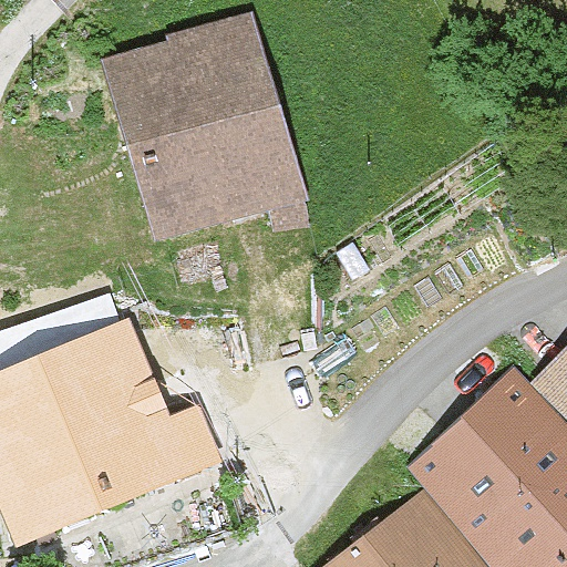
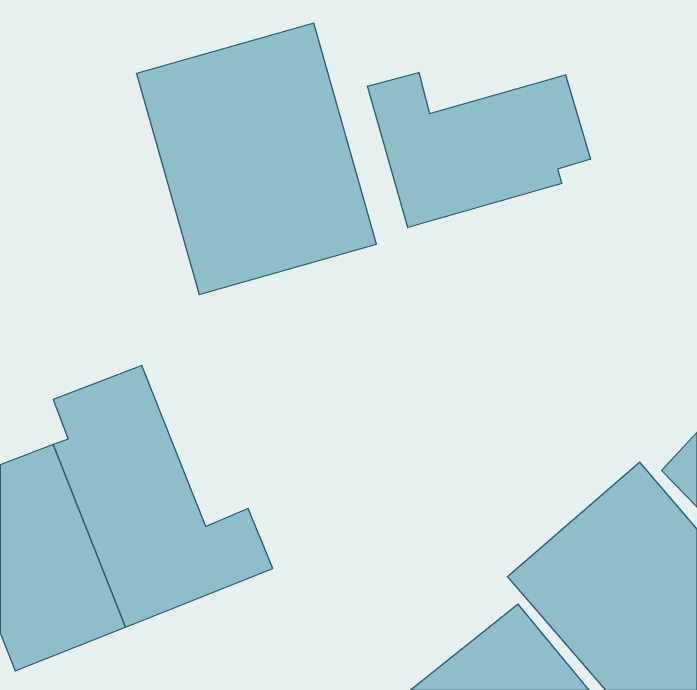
building: none -> [368,72,591,228]

